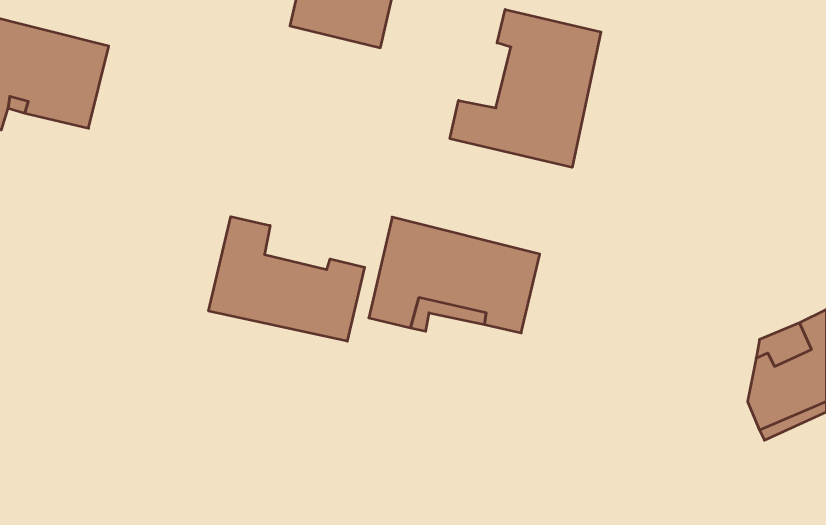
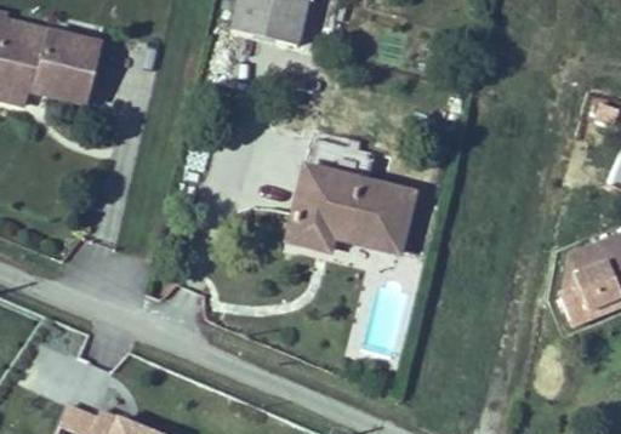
building: [450,9,601,167] -> none
building: [209,217,365,341] -> none

